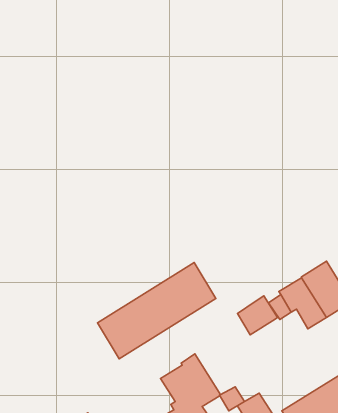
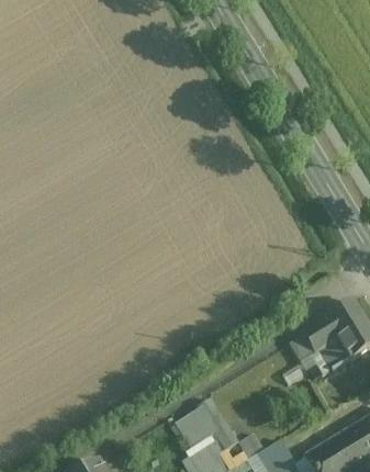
building: [97,262,216,359] -> none
building: [237,296,278,335] -> none

